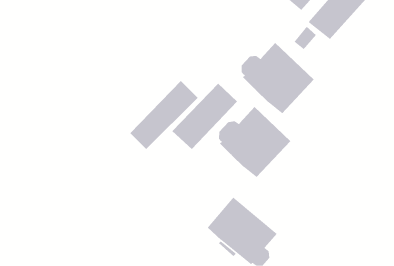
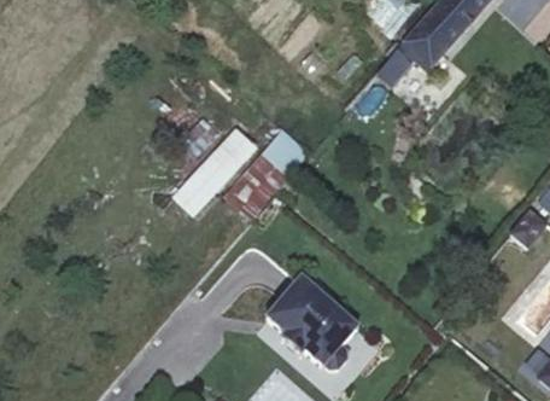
building: [241,42,314,114] -> none
building: [218,106,291,178] -> none

